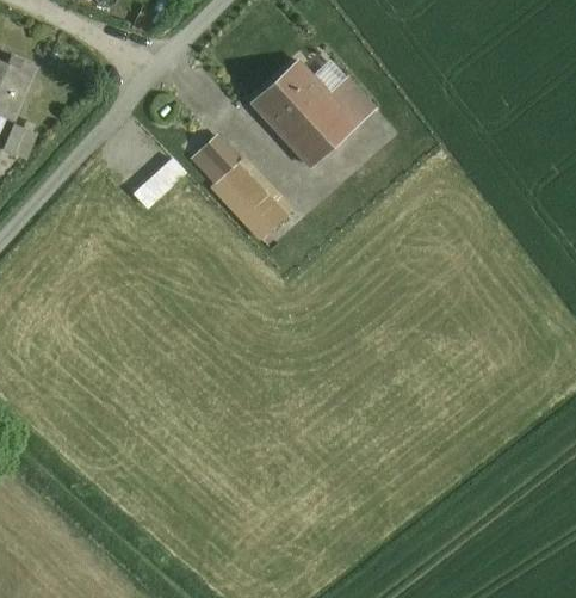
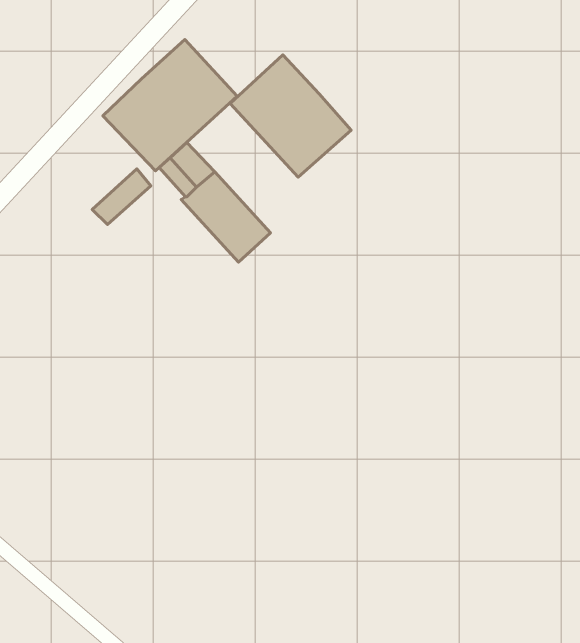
building: none -> [103,39,237,171]
building: [328,78,374,125] -> none

